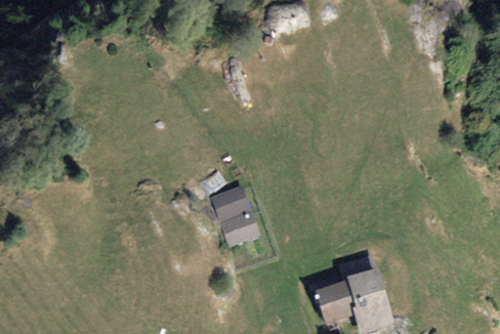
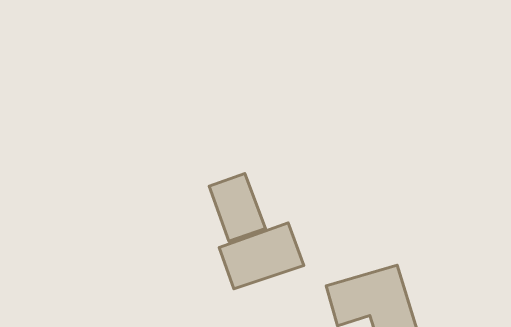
building: none -> [219,223,304,289]

